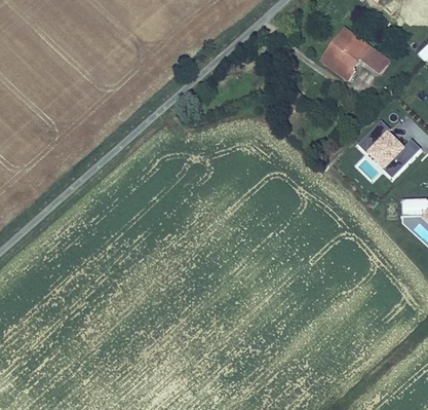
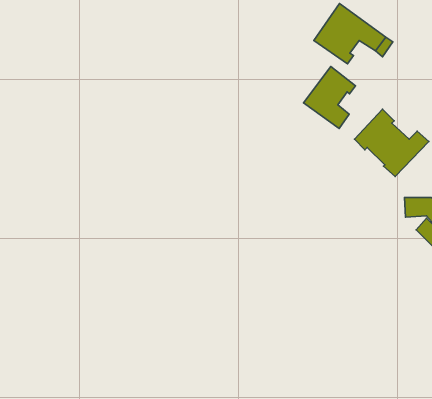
building: none -> [303,67,356,129]

